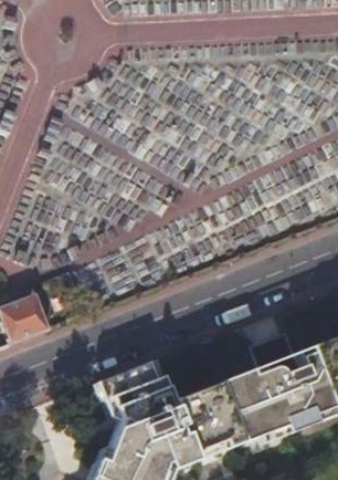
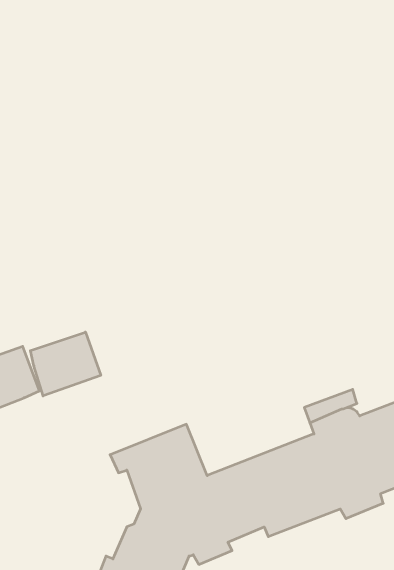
building: none -> [30,332,101,396]

